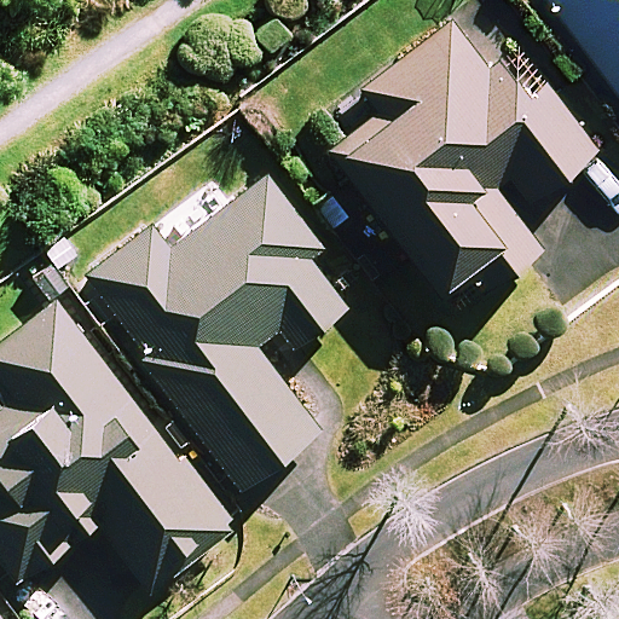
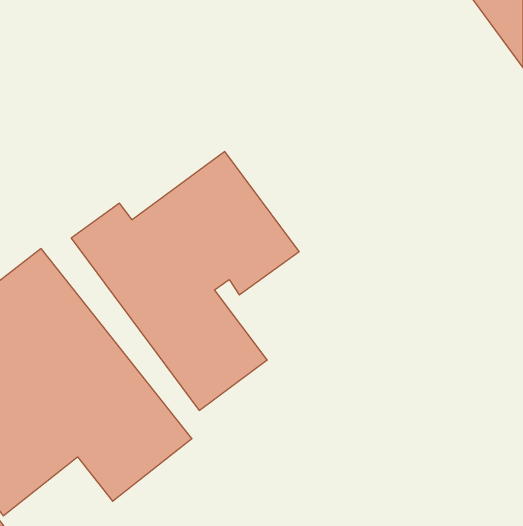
building: [343,23,580,261] -> none

